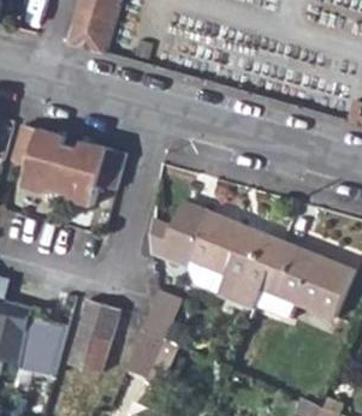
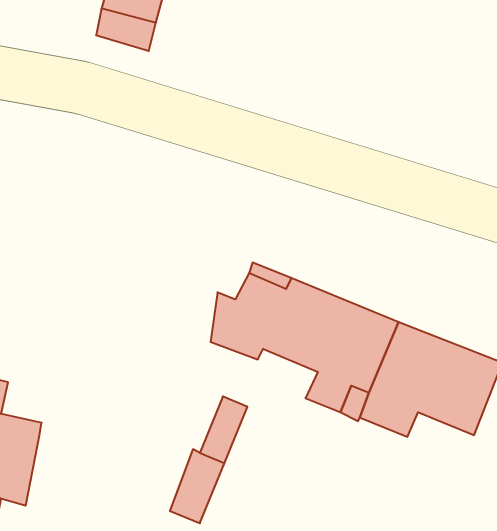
building: [11,124,124,204] -> none
building: [67,299,120,374] -> none
building: [19,315,69,374] -> none

